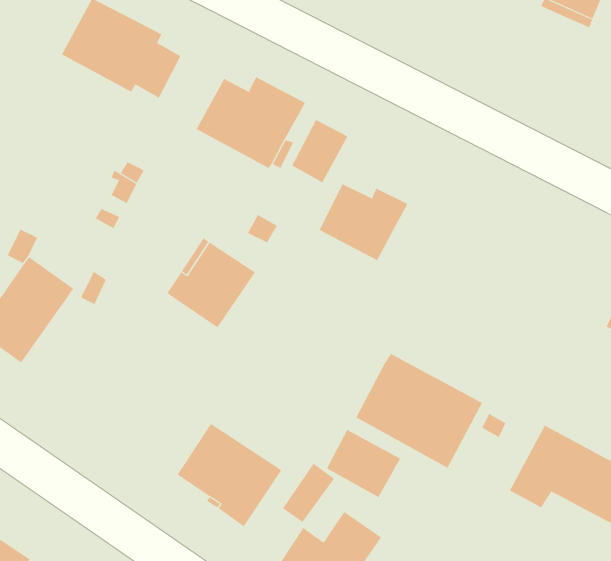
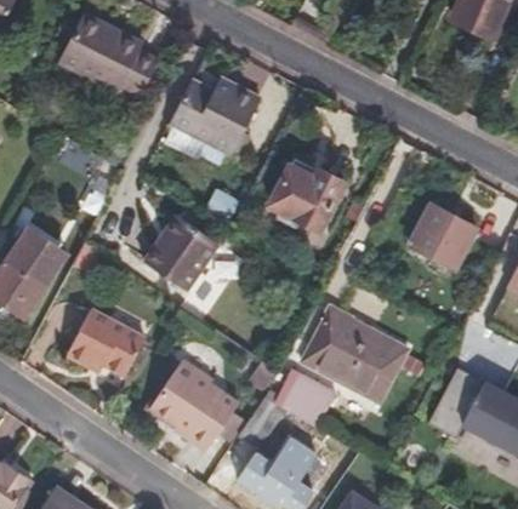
building: [292,119,348,183] -> none
building: none -> [411,204,478,269]
building: none -> [67,311,143,376]

